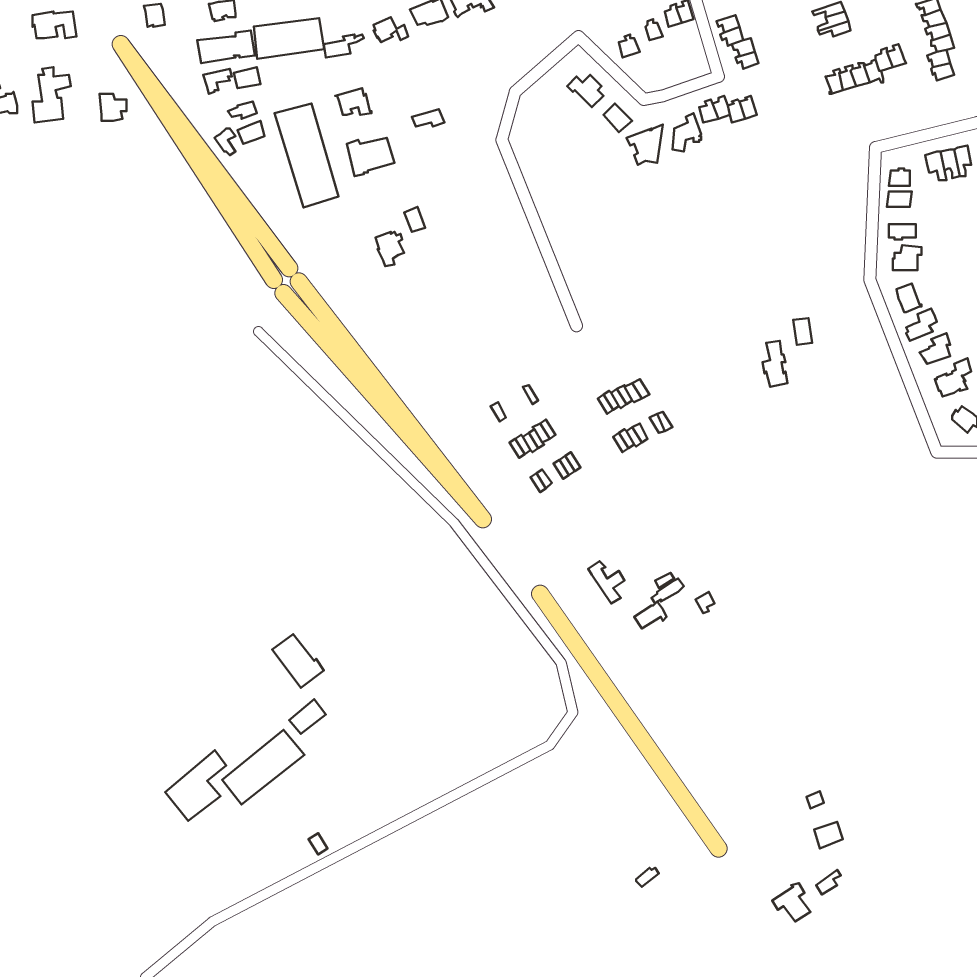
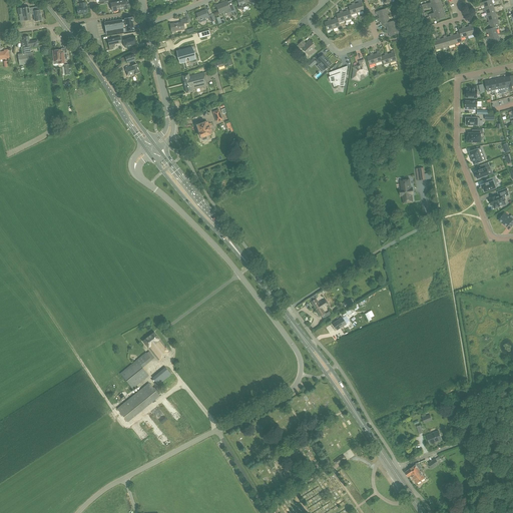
building: [254,18,324,59] -> none
building: [275,103,339,208] -> none
building: [165,750,226,821] -> [119,351,151,388]

